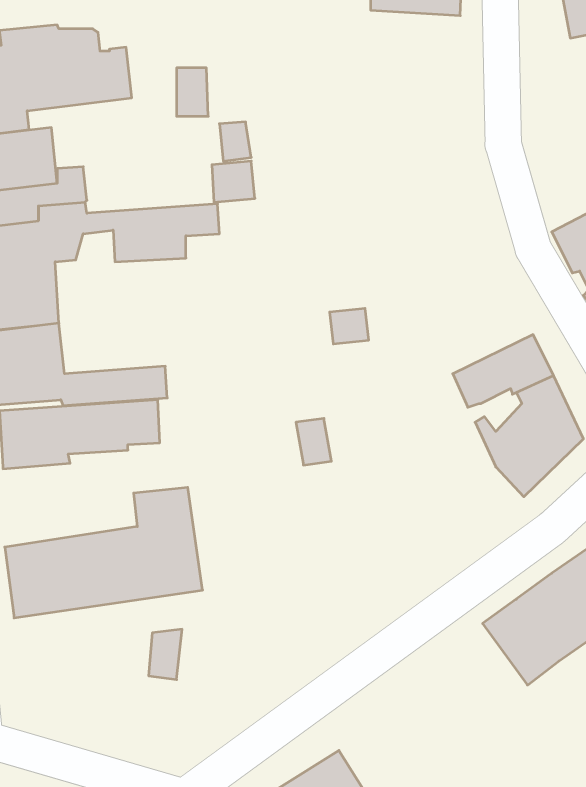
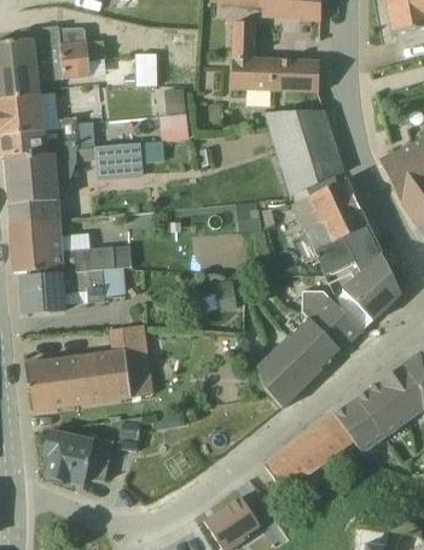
building: none -> [231,22,318,90]
building: none -> [261,110,342,195]
building: none -> [290,177,366,261]
building: none -> [255,289,360,404]
building: none -> [263,413,353,488]
building: none -> [43,429,111,482]

